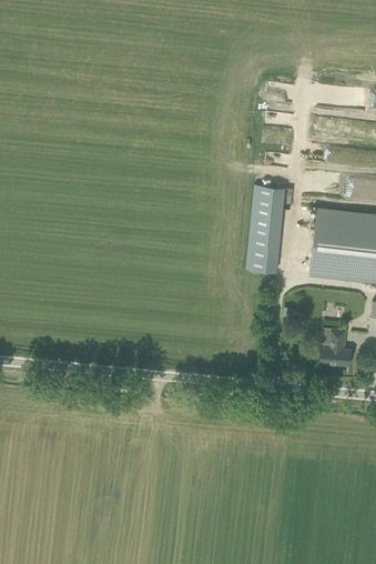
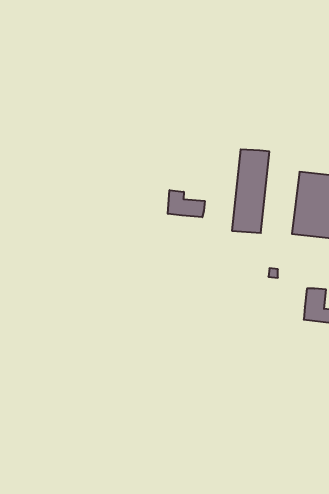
building: none -> [168,190,205,217]

